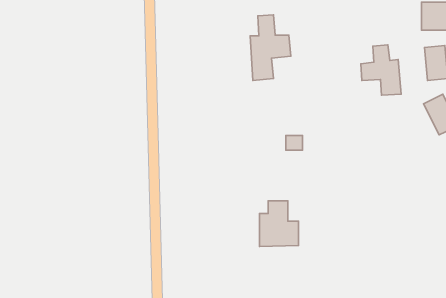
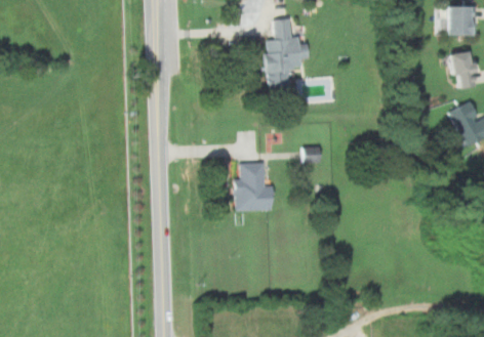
building: [361,45,401,95] -> none
building: [260,201,298,246] -> [233,163,274,211]

